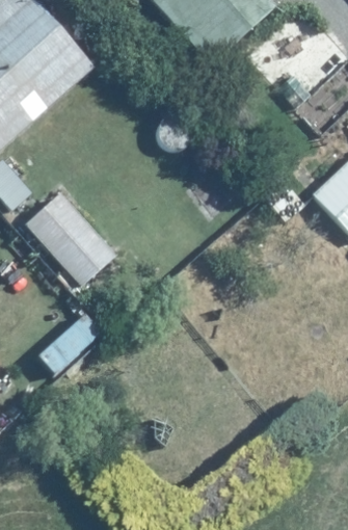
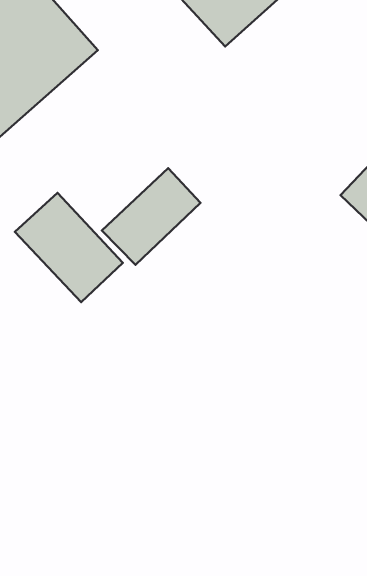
building: none -> [102,168,201,265]

